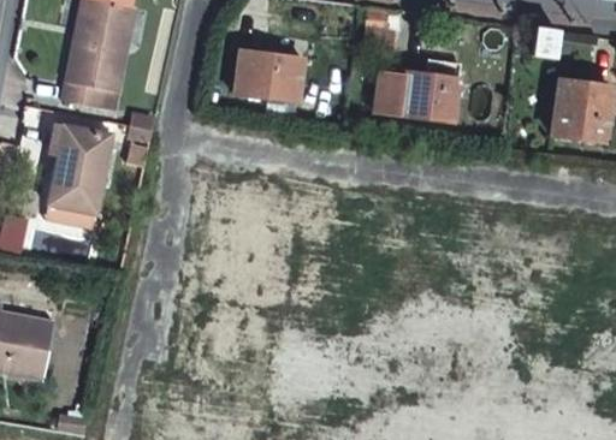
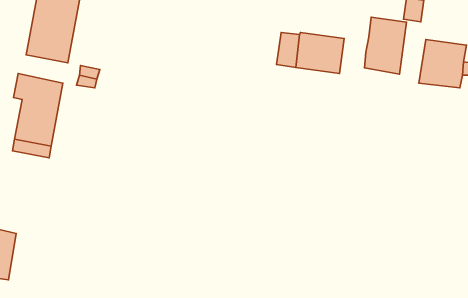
building: [233,49,302,101] -> none
building: none -> [364,17,407,74]

